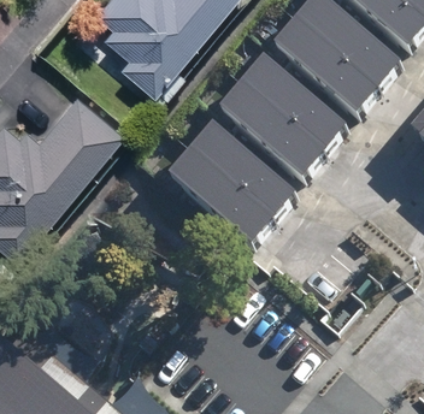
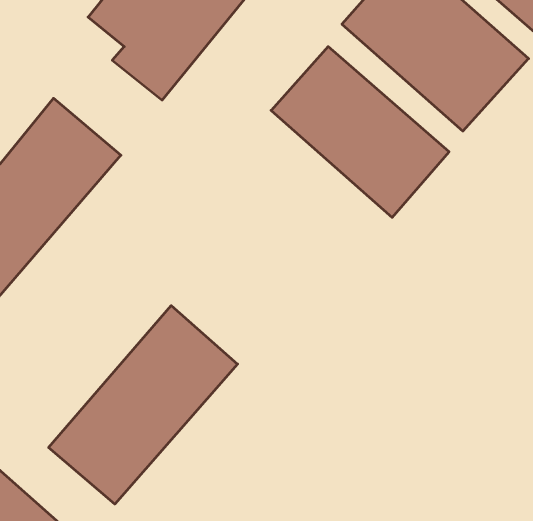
building: [173,125,299,247] -> none
building: none -> [49,306,238,504]

